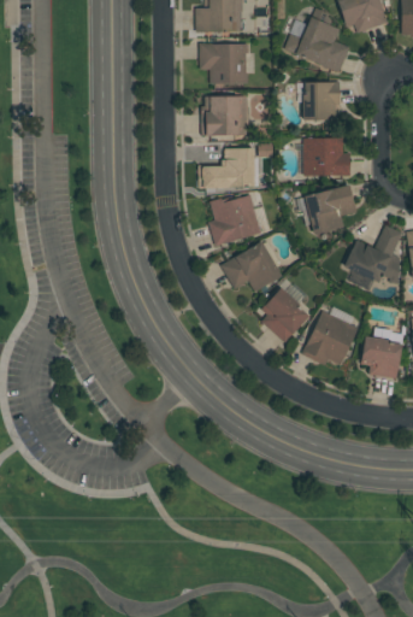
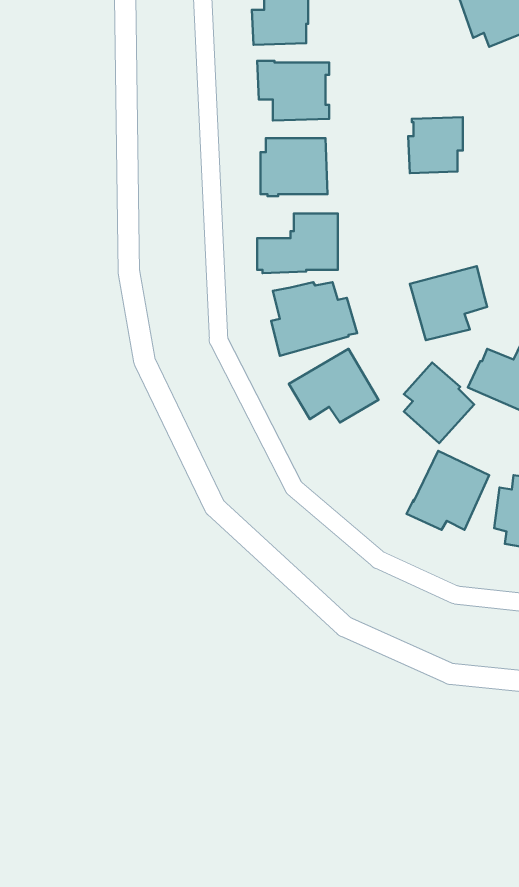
building: [284,8,349,72] -> none
building: [303,137,350,176] -> none
building: [261,288,309,343] -> [404,362,474,443]

